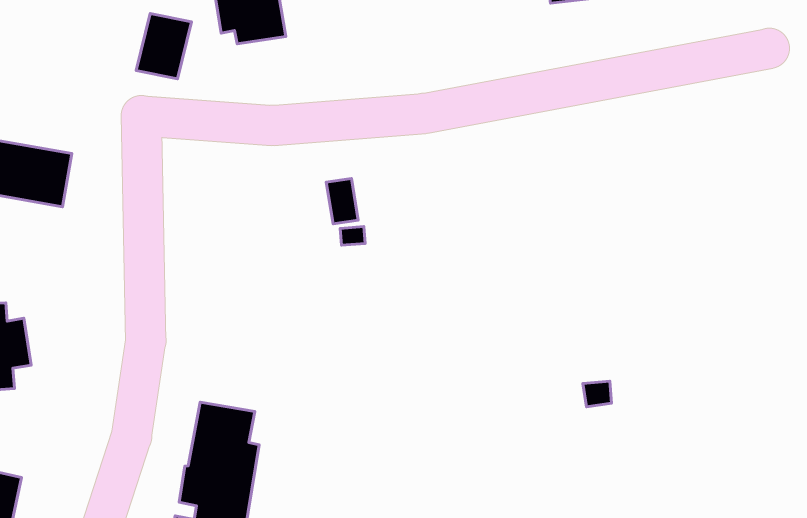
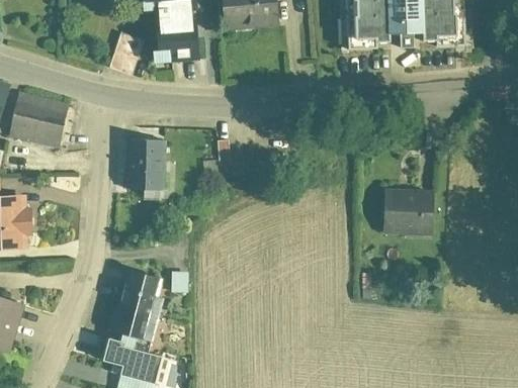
building: none -> [124,138,162,189]
building: none -> [380,188,435,231]

